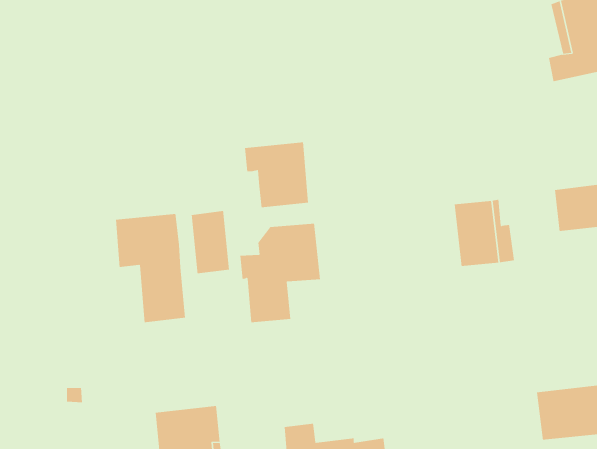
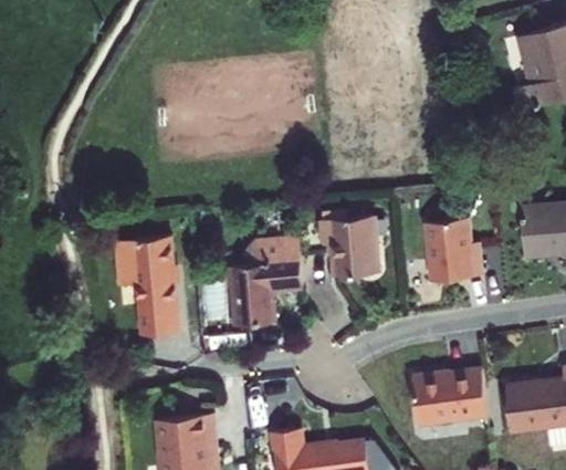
building: [244,142,309,208] -> [319,217,379,278]
building: [191,210,230,274] -> none
building: none -> [412,374,486,432]

